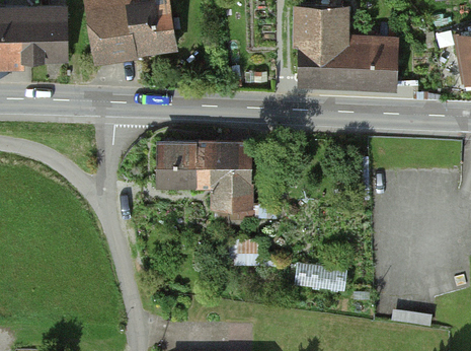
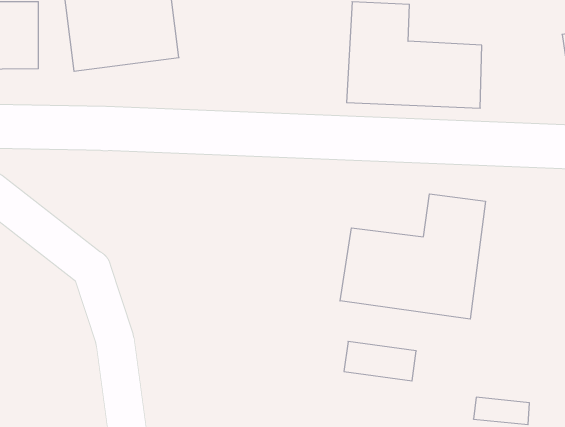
building: [156,140,250,212] -> none
building: none -> [340,194,485,319]

